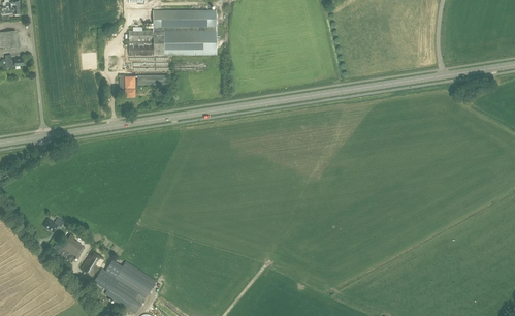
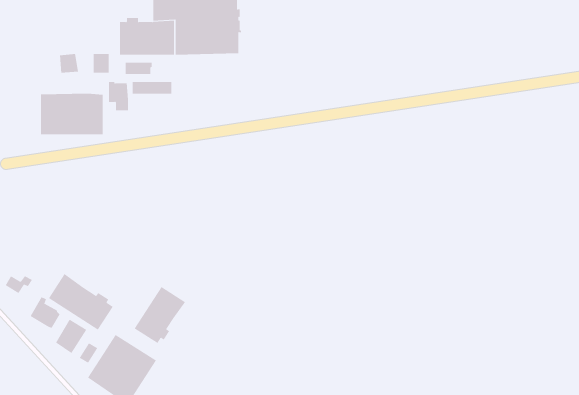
building: none -> [40,93,103,135]
building: none -> [48,273,114,331]
building: none -> [134,286,186,344]

